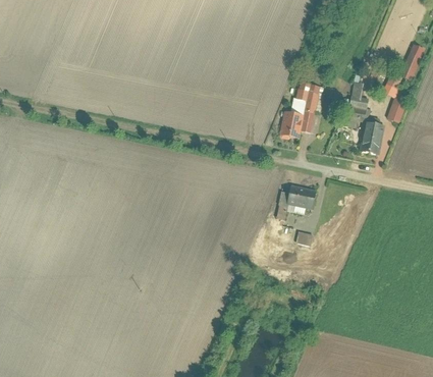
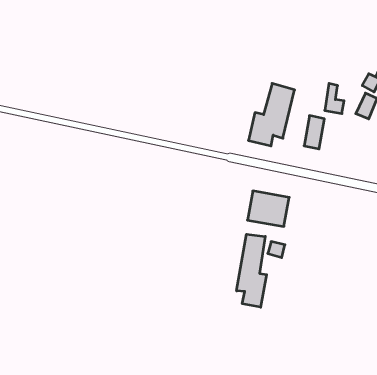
building: [362,122,381,154] -> [304,116,324,149]
building: none -> [237,234,267,307]

